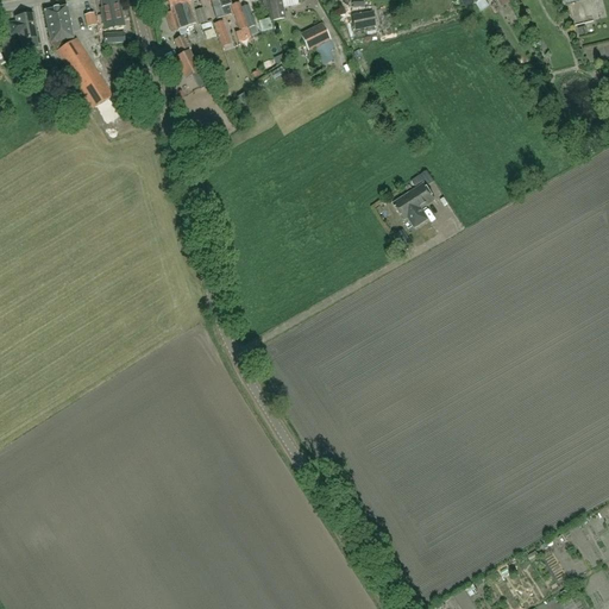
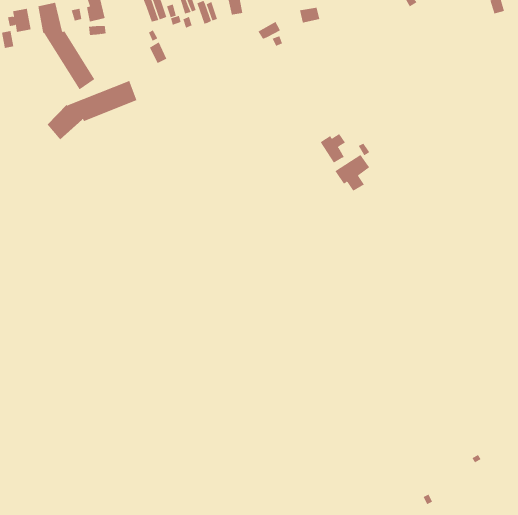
building: none -> [47,80,137,140]
building: none -> [320,133,346,164]

